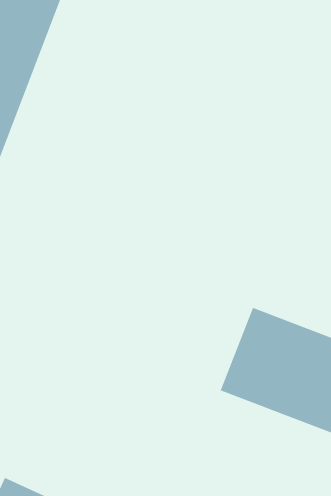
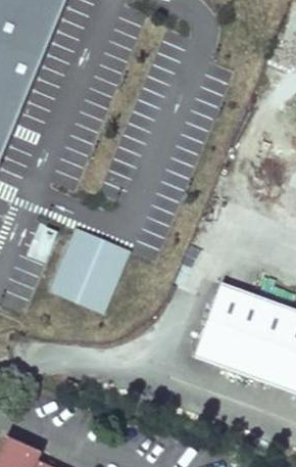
building: none -> [48,226,132,315]

